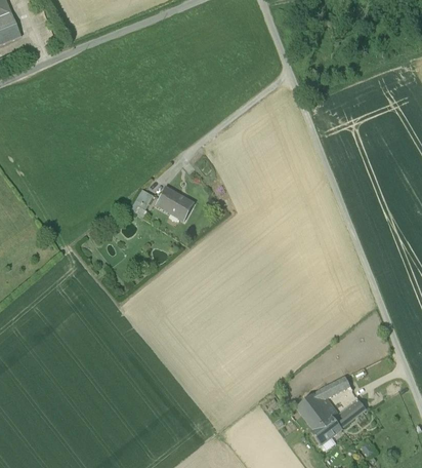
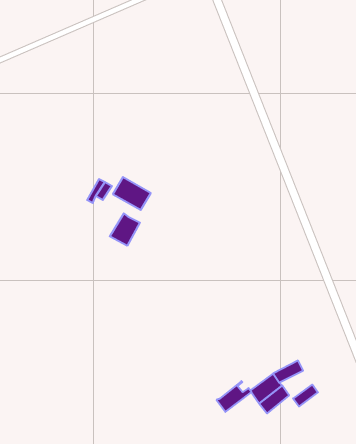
building: none -> [110,213,140,246]
building: [309,410,345,441] -> [217,381,251,412]

